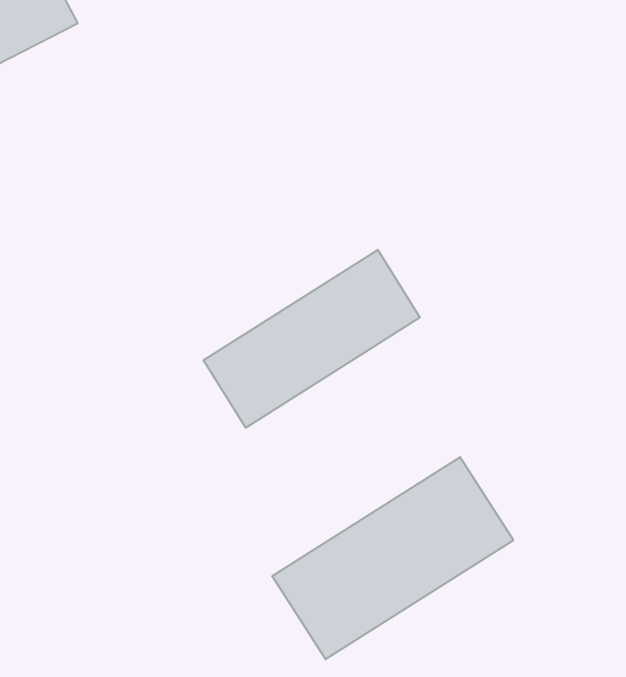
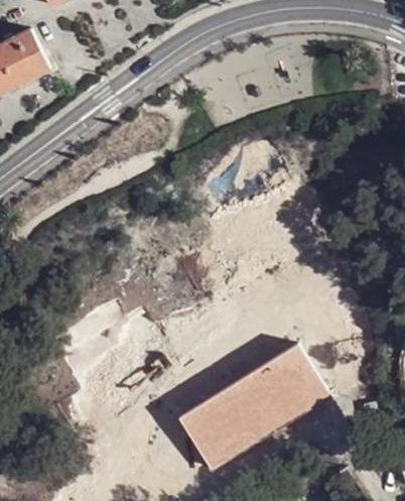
building: [204,250,420,428] -> none

